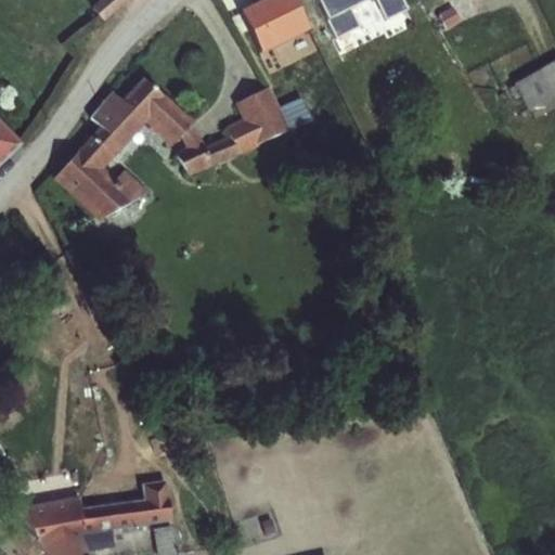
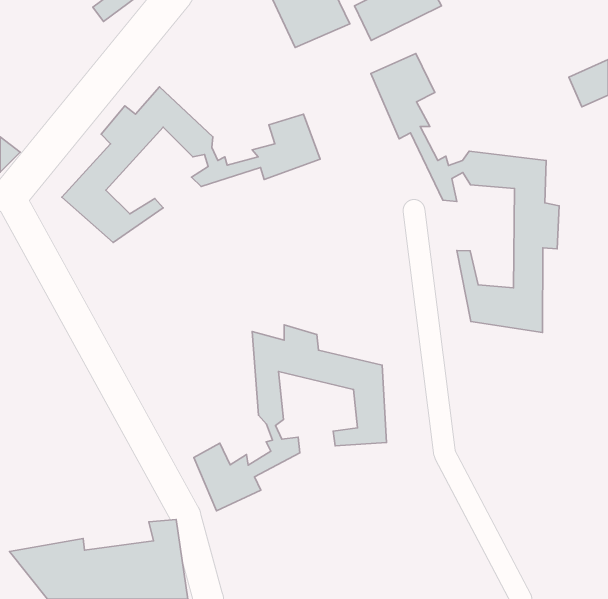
building: none -> [371,53,559,332]
building: none -> [194,325,386,511]

